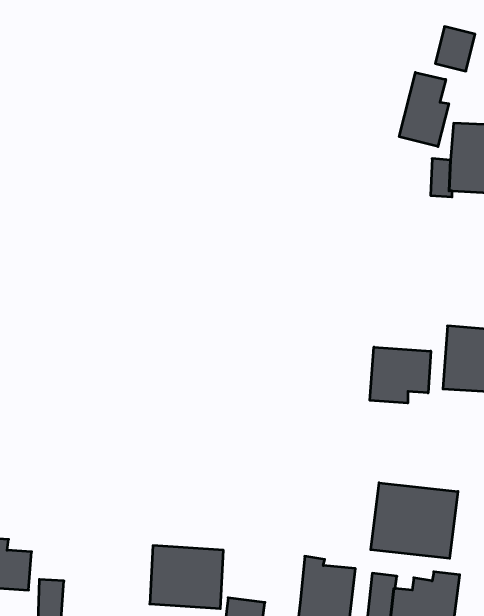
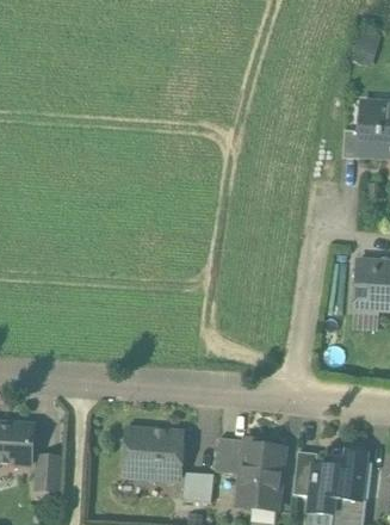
building: [399,72,449,147] -> none
building: [370,347,431,403] -> none
building: [371,483,458,558] -> none
building: none -> [216,437,246,474]

